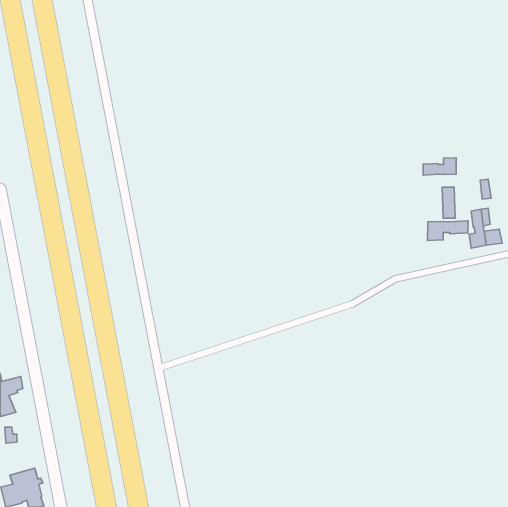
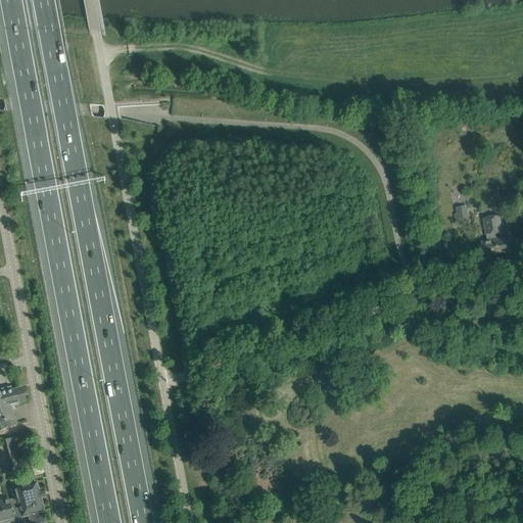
building: [423,158,456,175] -> none
building: [427,221,468,240] -> none

